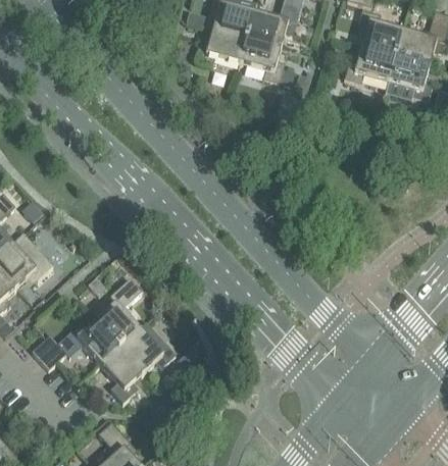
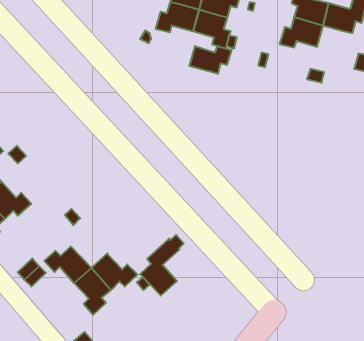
building: [389,56,434,101] -> none
building: none -> [189,46,232,74]
building: [95,273,147,346] -> [140,235,184,296]

